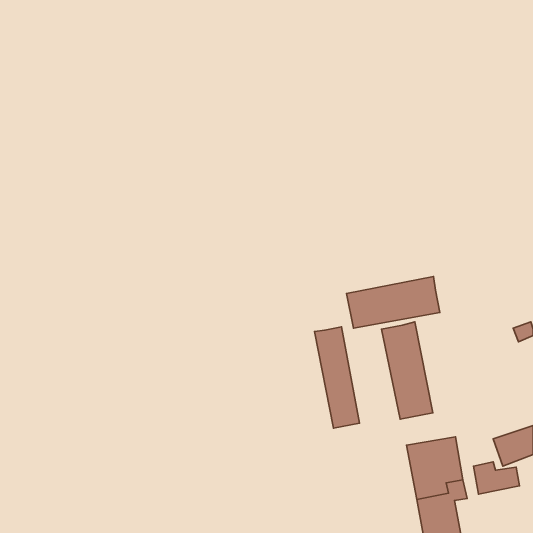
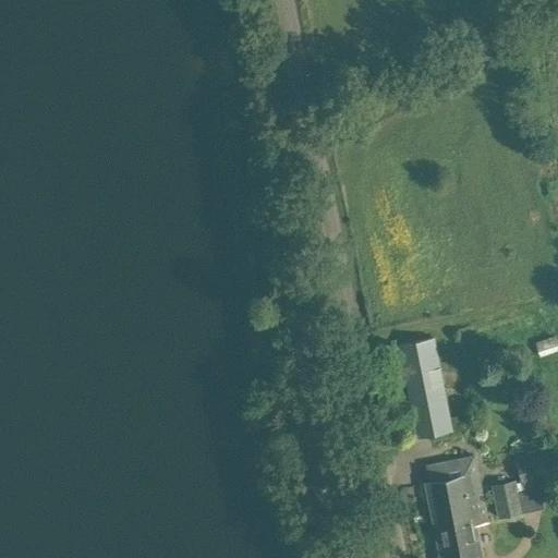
building: [347,277,440,328] -> none
building: [314,327,359,428] -> none

